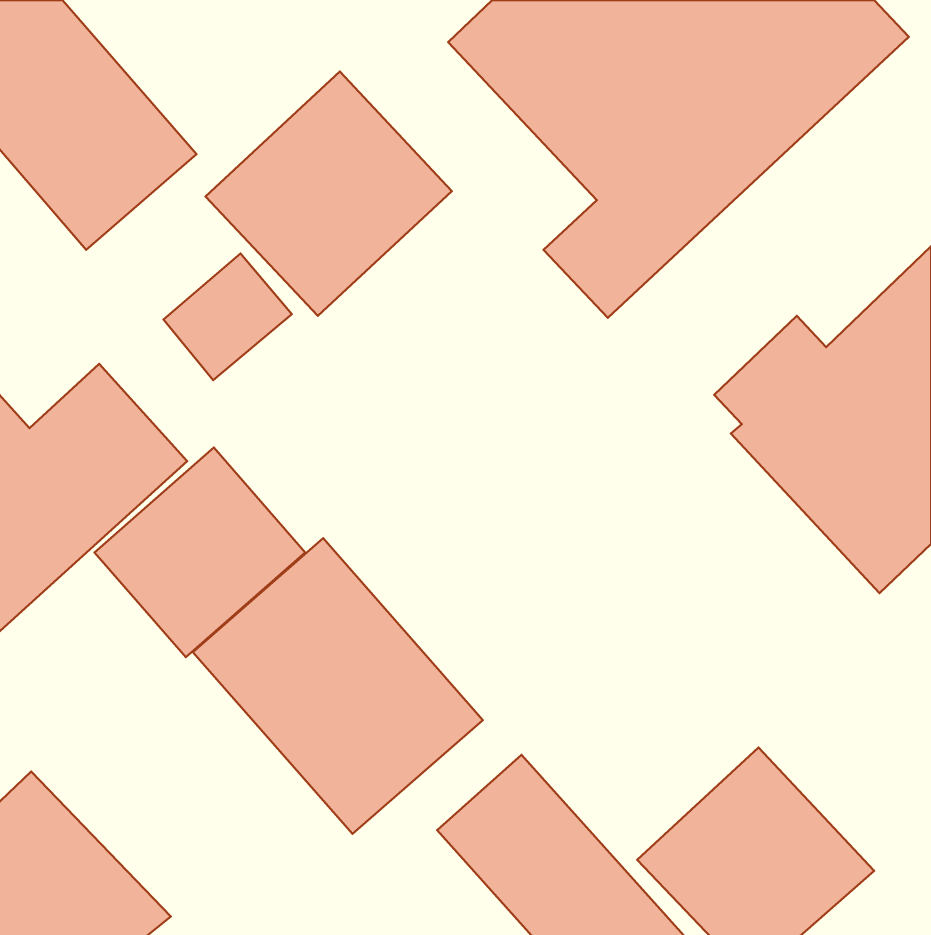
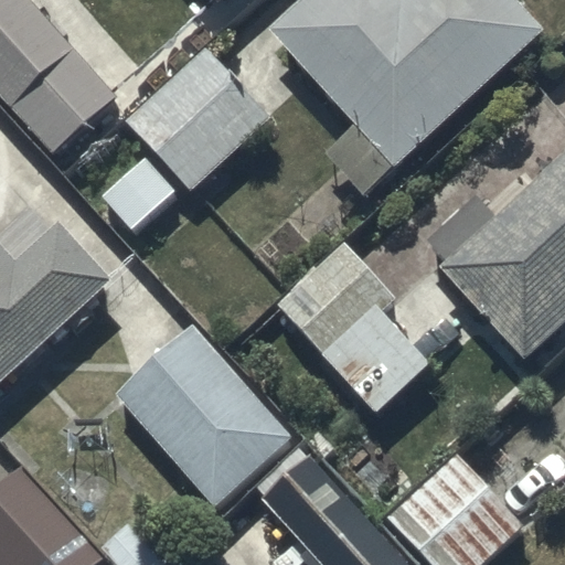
building: none -> [277,242,429,413]
building: [95,448,305,657] -> none

